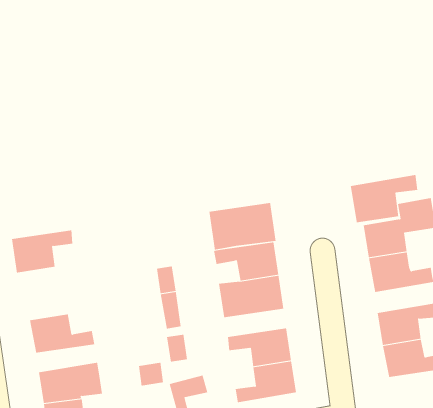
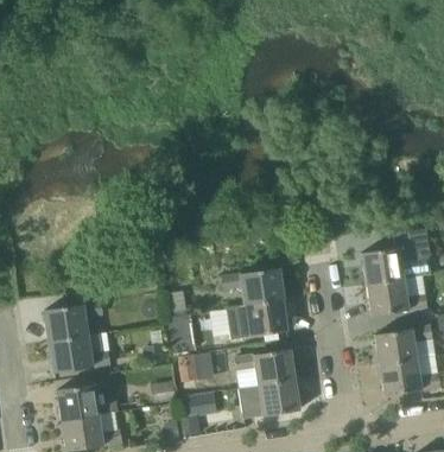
building: [350,174,418,223] -> none
building: [209,202,276,250] -> none
building: [11,230,73,273] -> [44,301,102,342]

